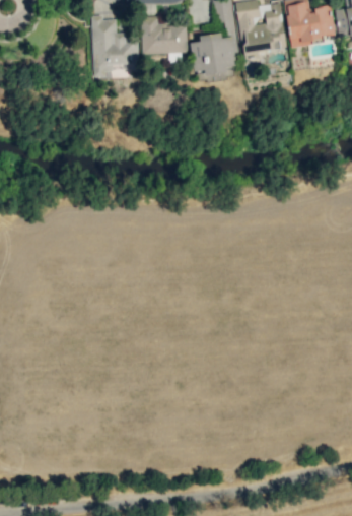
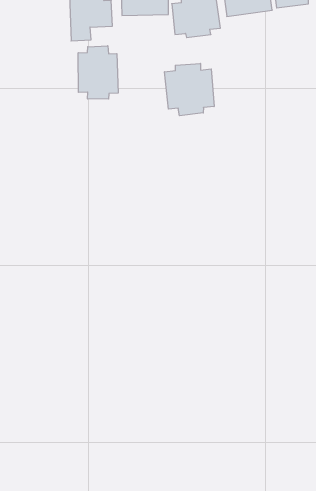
building: none -> [78,46,118,99]
building: none -> [165,63,214,116]

